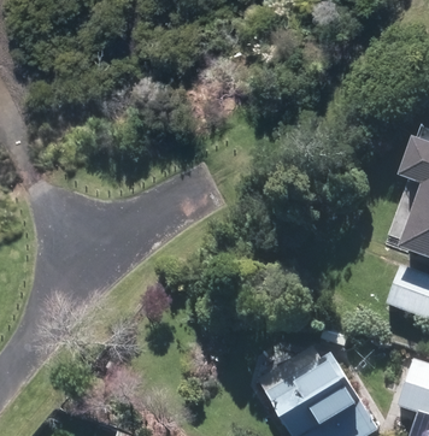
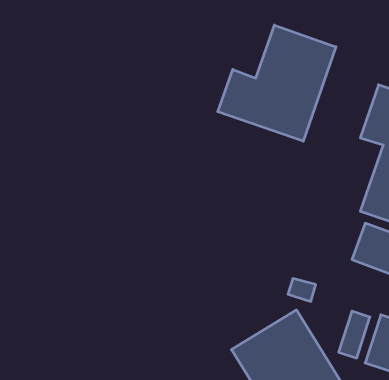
building: none -> [218,25,336,141]

